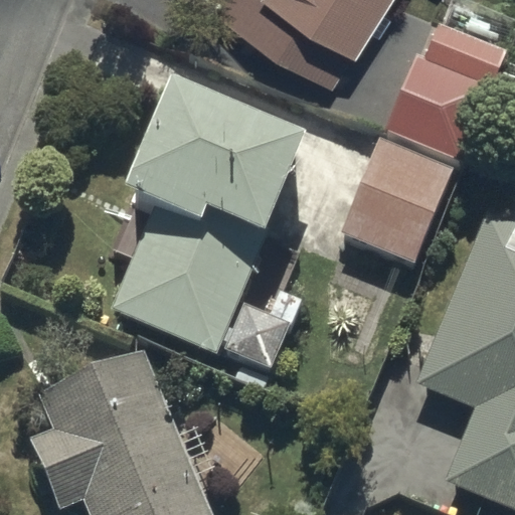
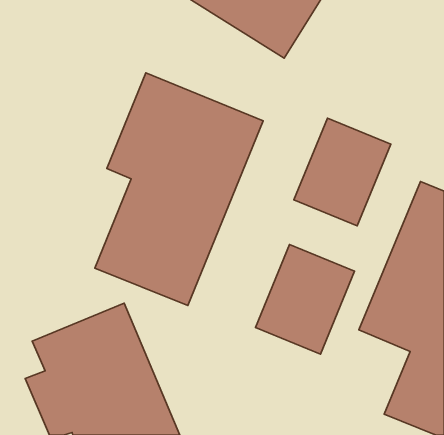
building: [384,23,508,162] -> none
building: none -> [256,245,354,354]

